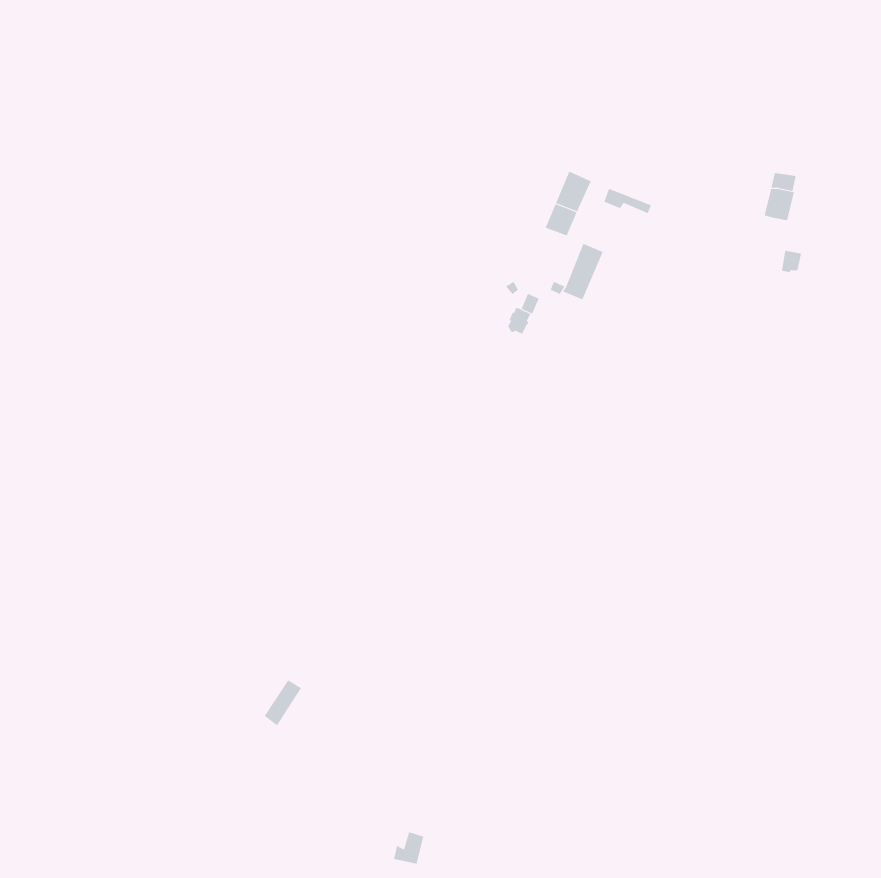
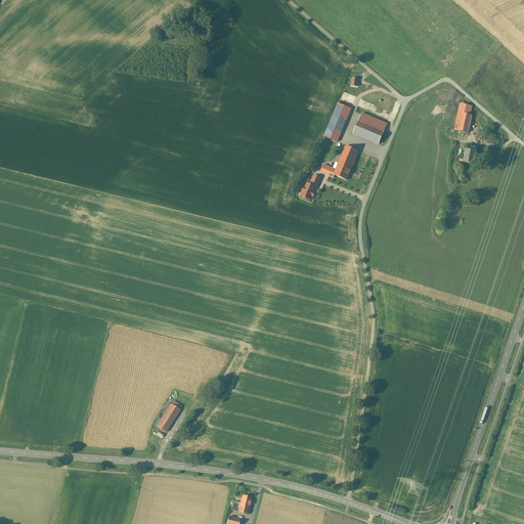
building: none -> [353,120,385,142]

